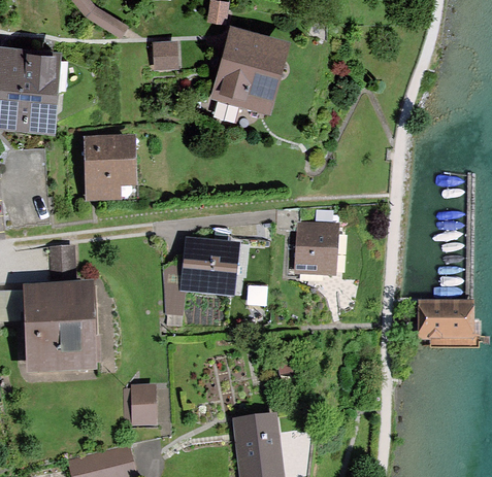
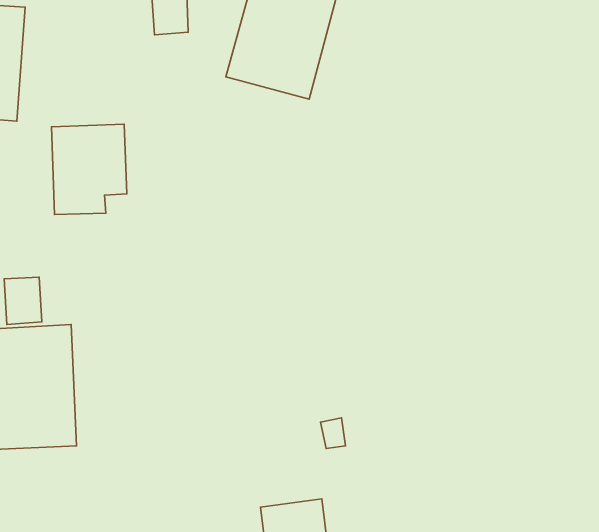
building: [296,220,341,275] -> none
building: [178,237,239,298] -> none
building: [420,299,479,338] -> none
building: [132,383,159,425] -> none

